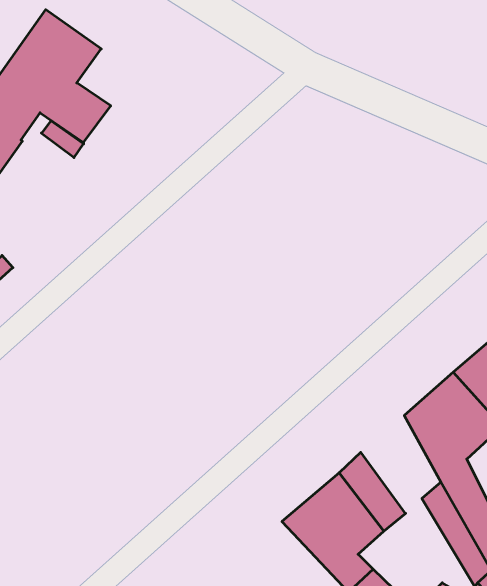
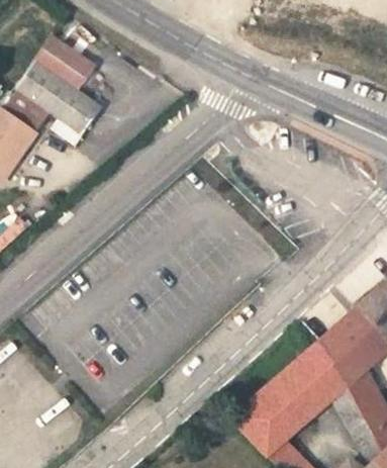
building: none -> [288,338,348,410]

